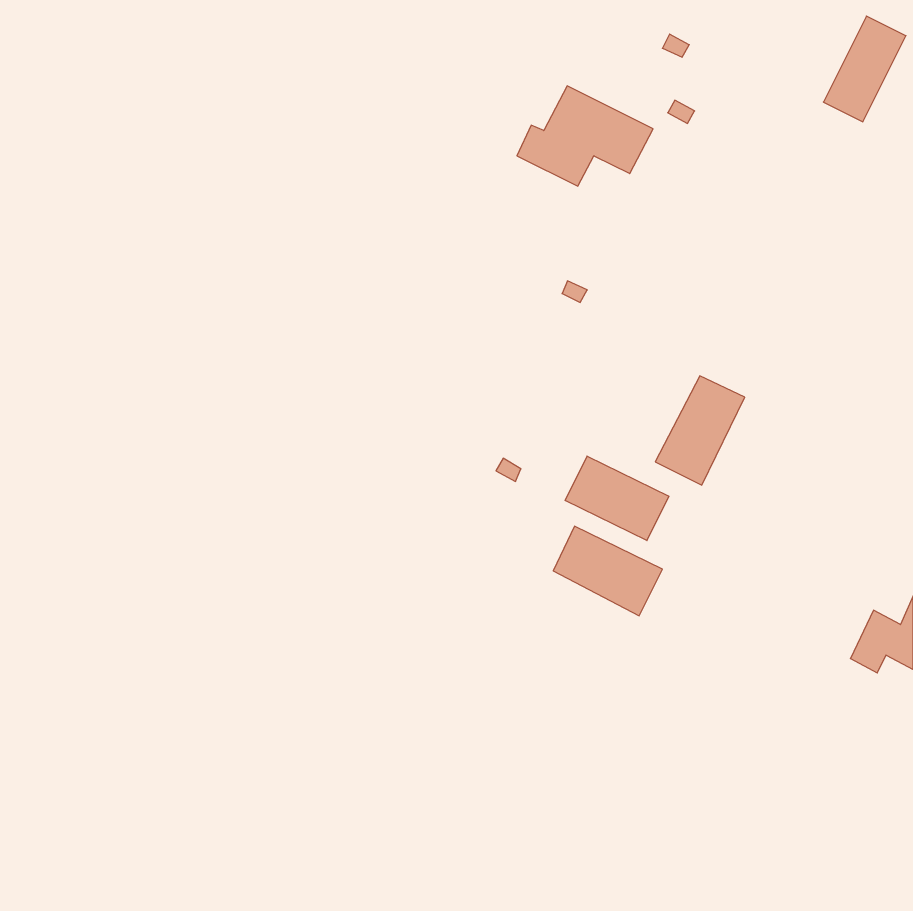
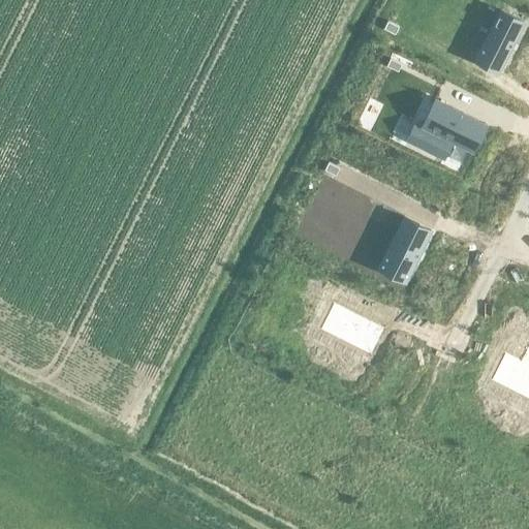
building: [517,86,653,186] -> [407,101,486,159]
building: [565,456,669,541] -> none

